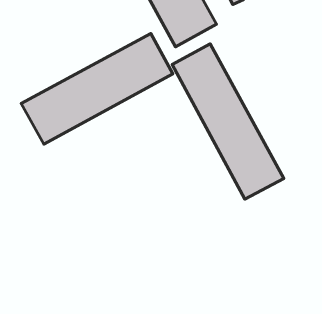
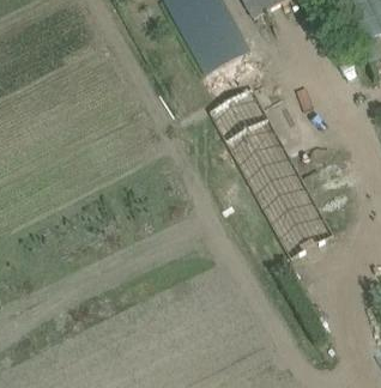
building: [21,34,173,144] -> none

